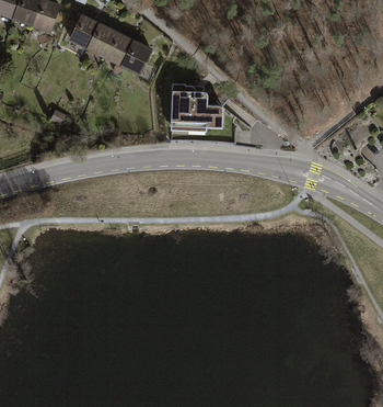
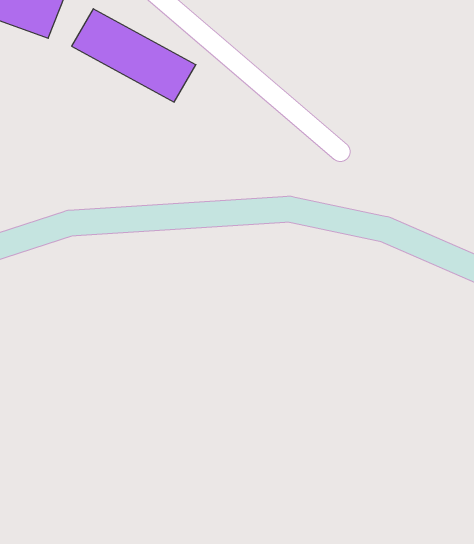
building: [171,90,225,134] -> none

